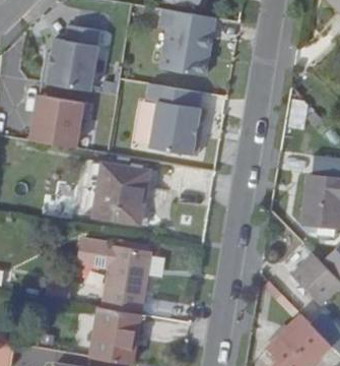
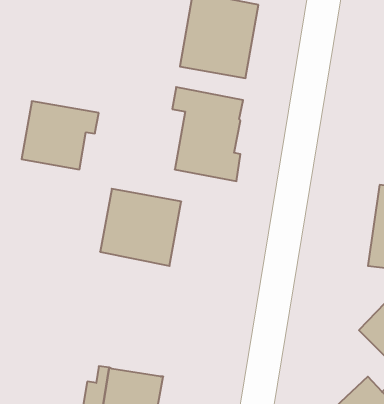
building: [45,24,100,89] -> none
building: [87,237,149,311] -> none

